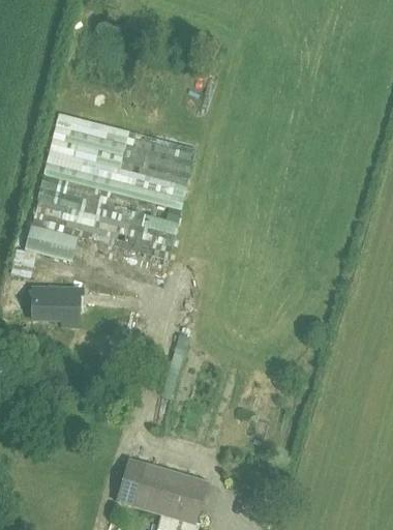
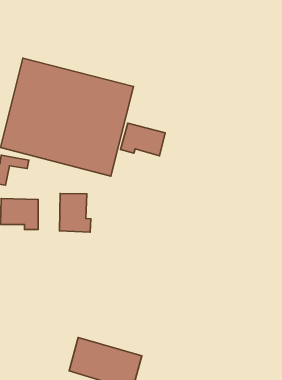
building: none -> [120,123,165,156]
building: none -> [59,194,91,232]

